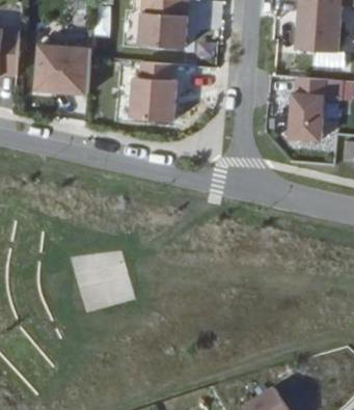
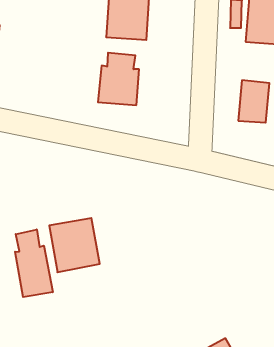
building: [36,44,90,93] -> none
building: none -> [15,229,53,297]

